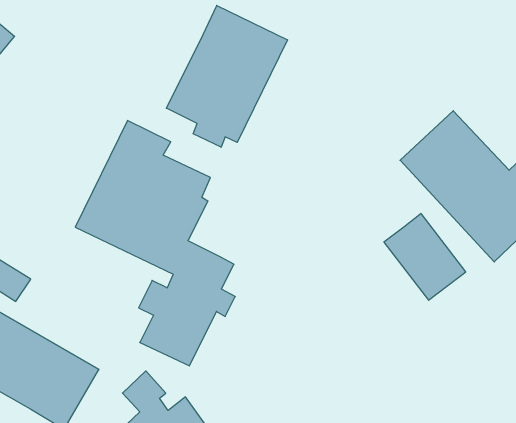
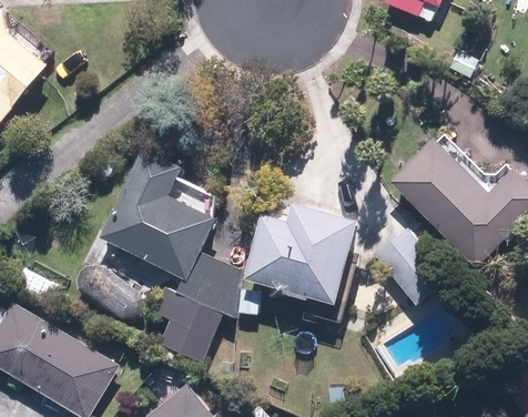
building: [166,5,287,147] -> none
building: none -> [240,207,351,301]

